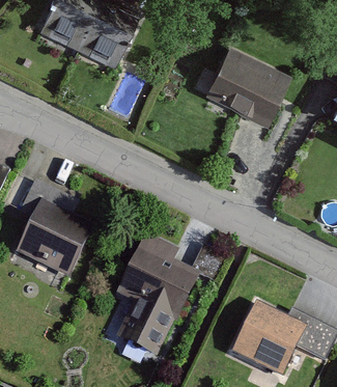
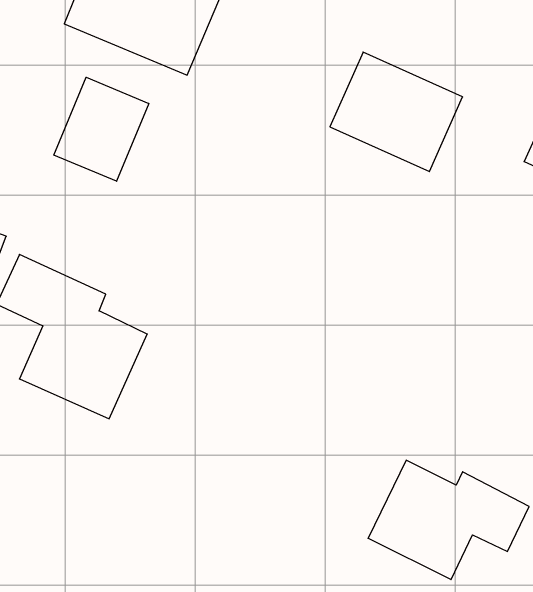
building: none -> [54,77,149,181]
building: [117,238,221,358] -> none

